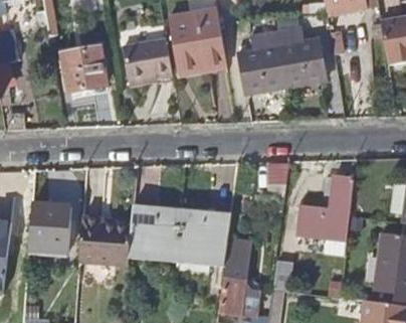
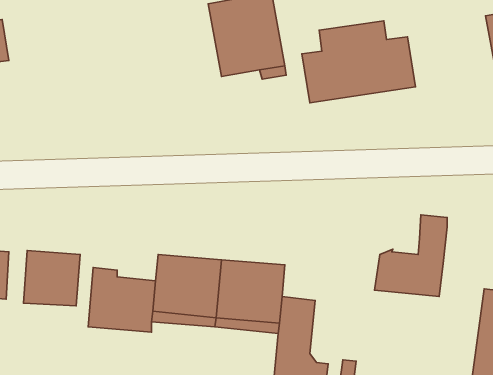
building: [123,39,173,88] -> none
building: [62,46,106,91] -> none

